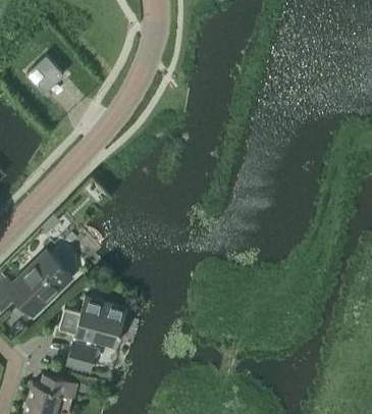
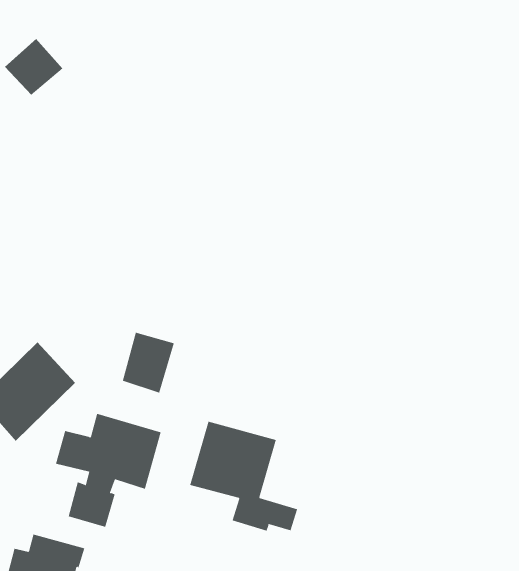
building: none -> [122,332,174,394]
building: none -> [189,421,298,532]

